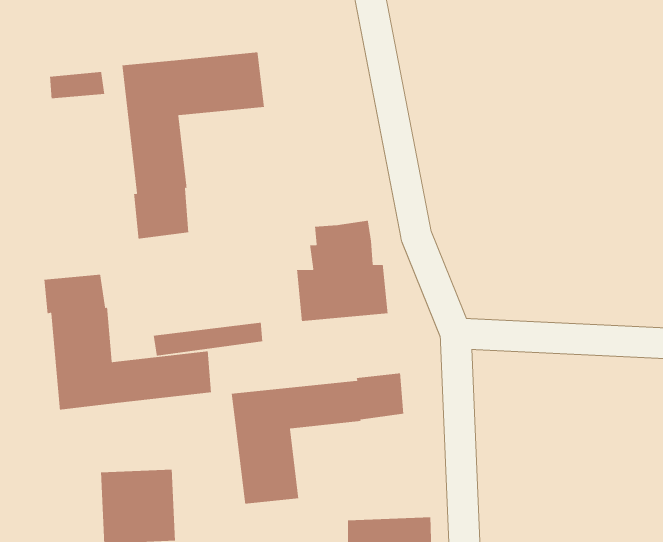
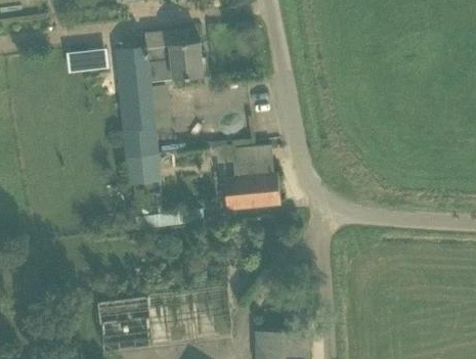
building: none -> [125,153,160,183]
building: [43,274,212,411] -> none
building: [231,372,404,504] -> none

